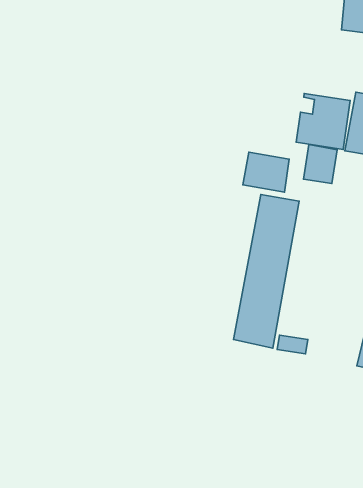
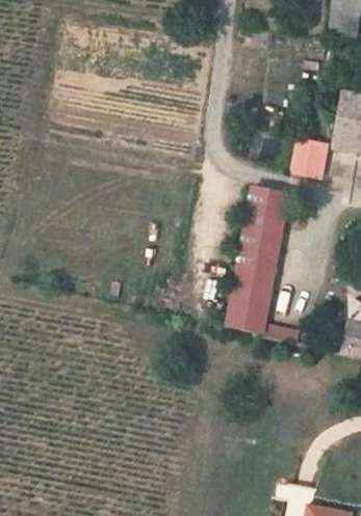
building: [296,93,350,150] -> none
building: [243,152,289,192] -> none

